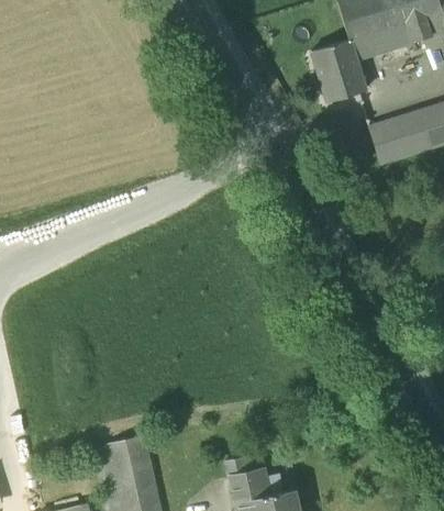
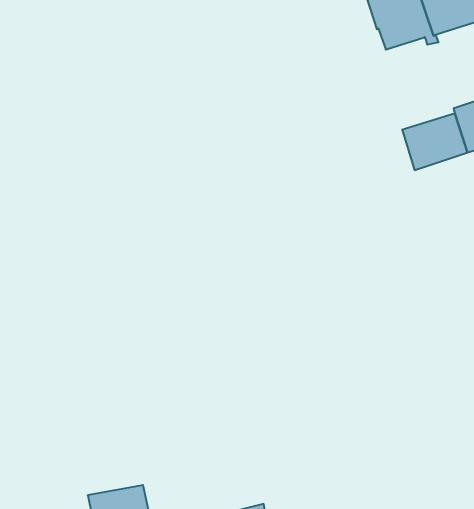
building: [313,40,367,102] -> none

